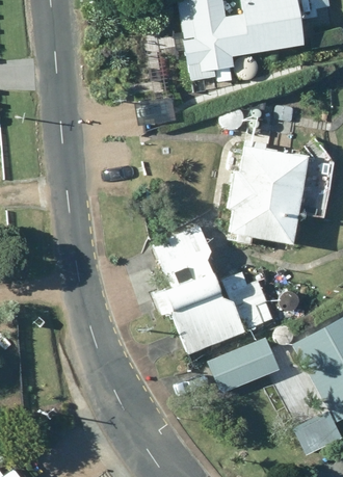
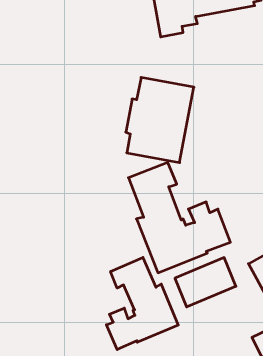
building: [229,144,308,243] -> [126,77,194,163]
building: none -> [106,257,178,350]

